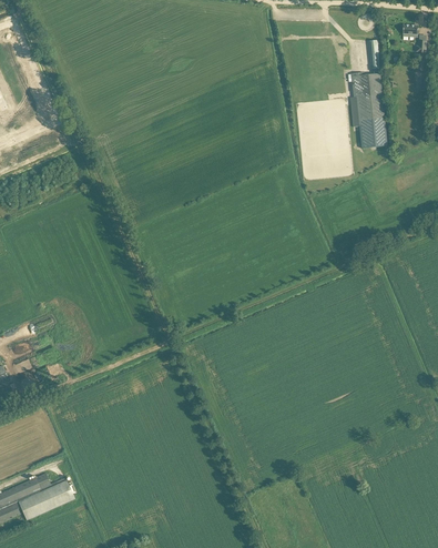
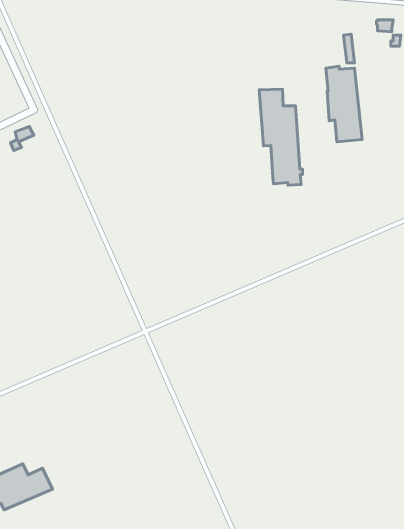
building: none -> [259,89,303,185]

